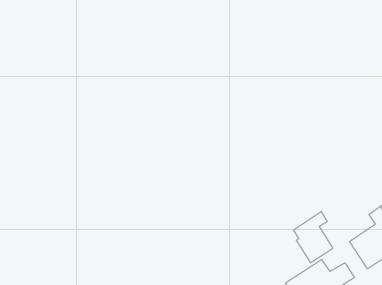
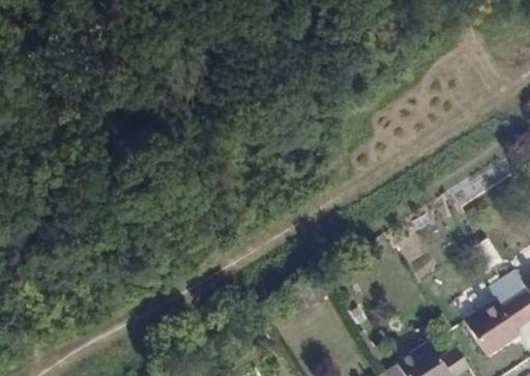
building: [294,211,333,263] -> none

